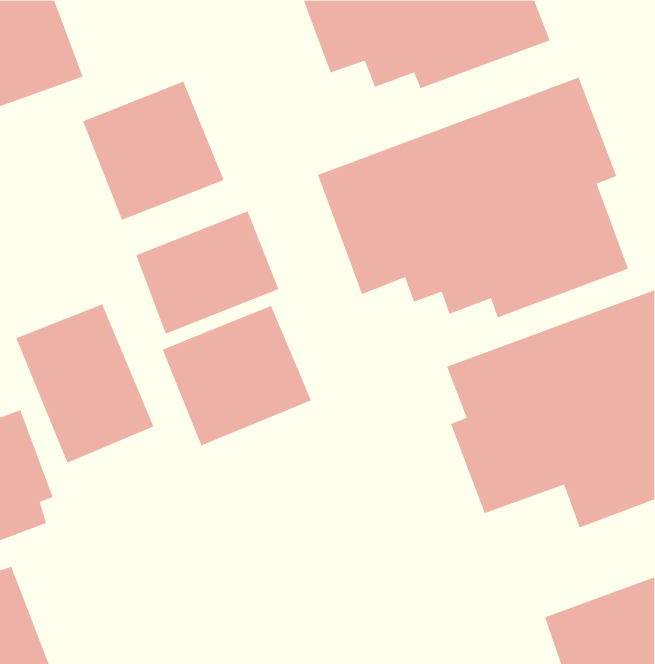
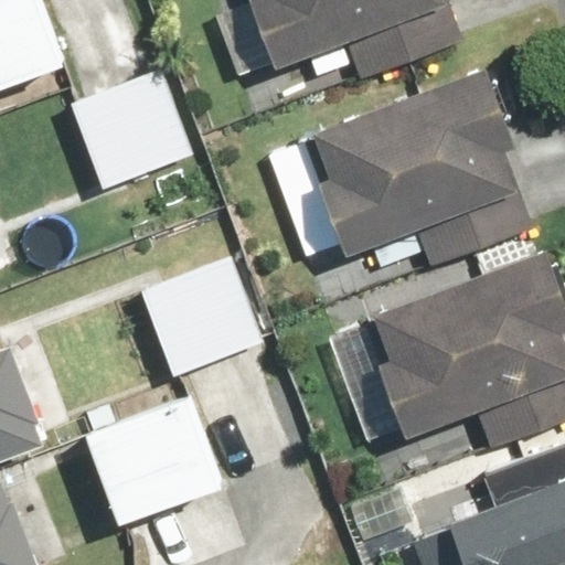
building: [135,211,279,334] -> none
building: [15,303,154,463] -> none
building: none -> [94,392,222,518]

